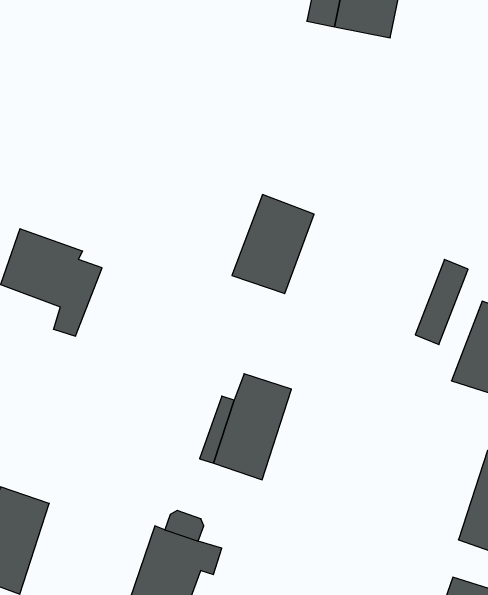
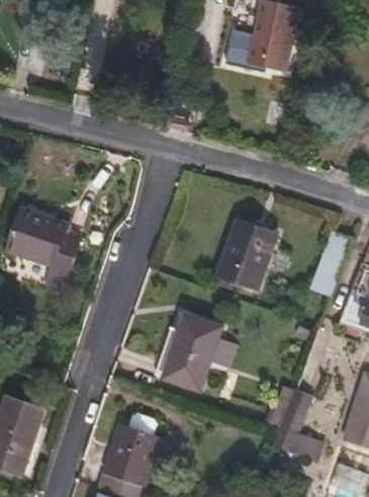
building: [232,195,314,294] -> [214,219,274,291]
building: none -> [272,380,311,450]

